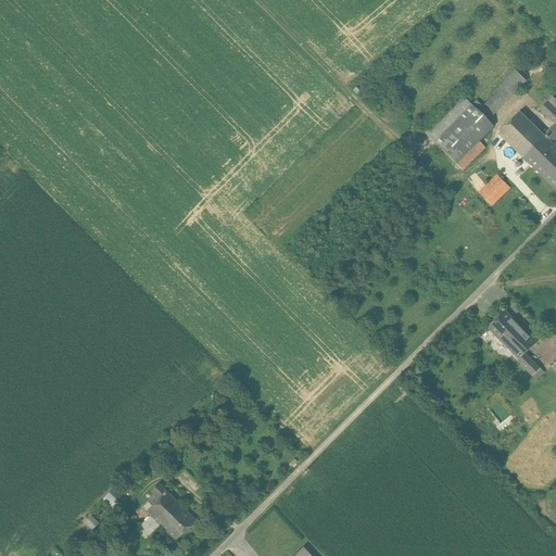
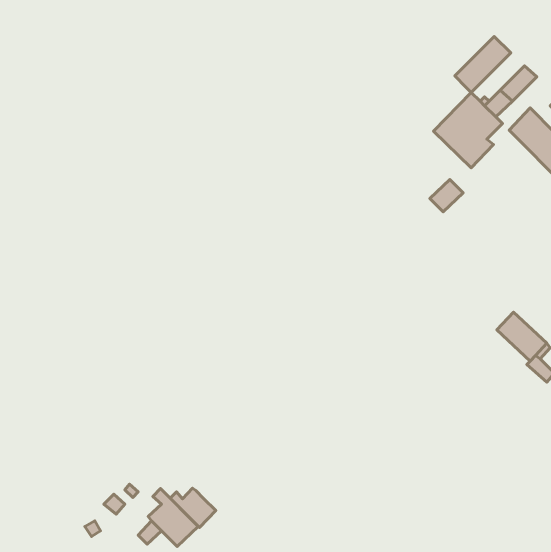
building: none -> [455,37,511,92]
building: [479,174,511,205] -> [430,180,463,212]
building: none -> [170,488,216,528]

